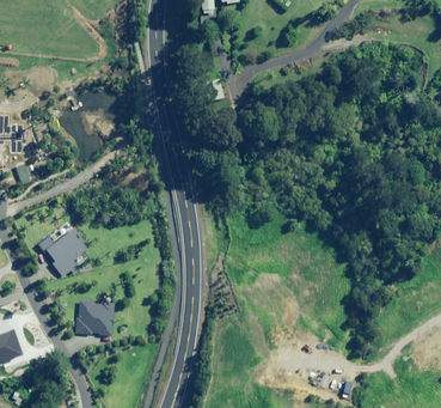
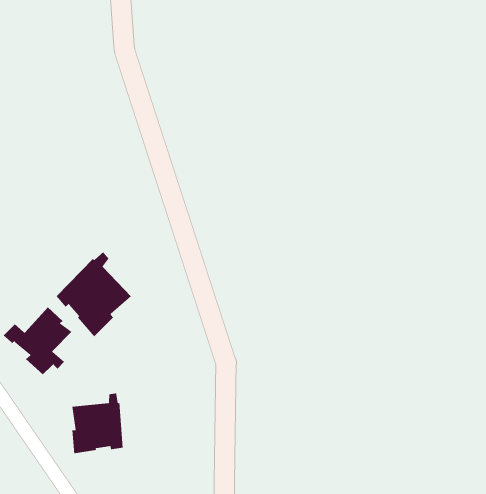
building: none -> [56,252,132,337]

